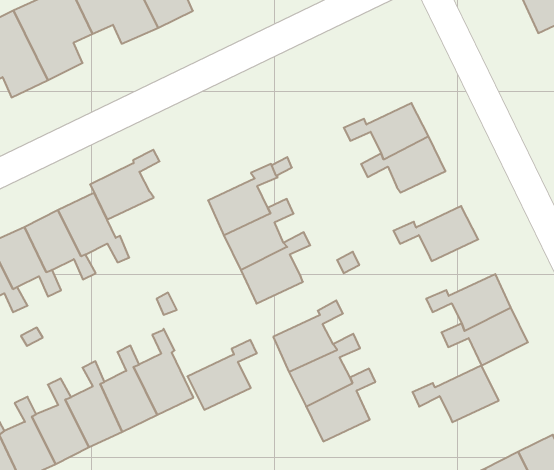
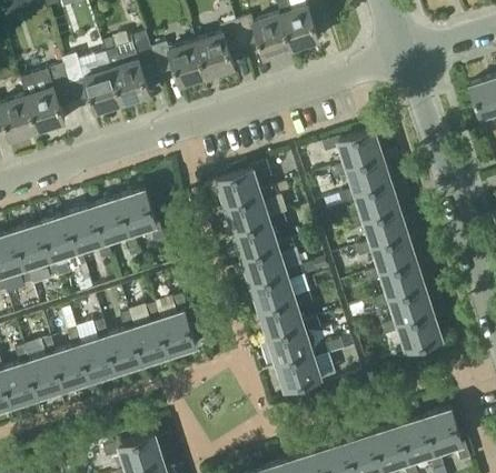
building: none -> [321,130,381,169]
building: [90,150,160,219] -> [217,162,269,208]
building: none -> [347,210,407,248]
building: [187,340,257,410] -> [250,266,302,312]
building: [412,366,499,422] -> [364,262,425,300]

